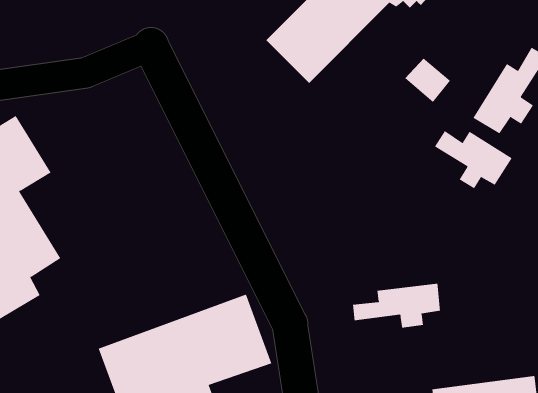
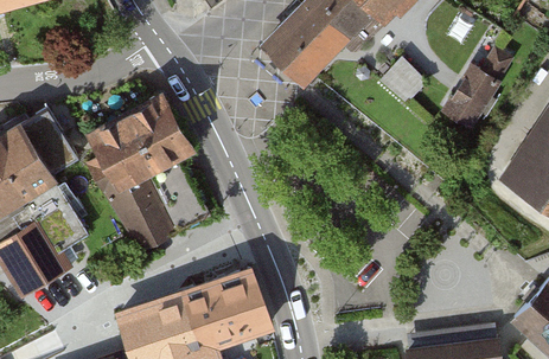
building: none -> [85,98,208,251]
building: [434,130,513,189] -> none
building: [353,283,441,328] -> none

